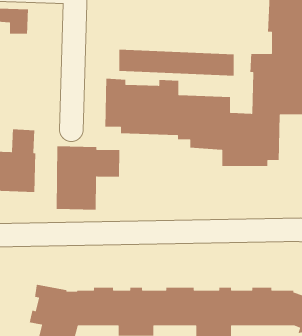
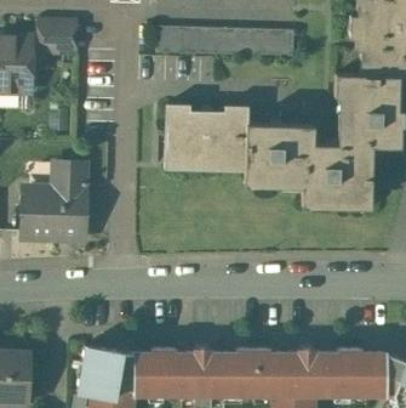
building: [119,49,235,77] -> [158,24,293,57]
building: [56,146,120,211] -> none

